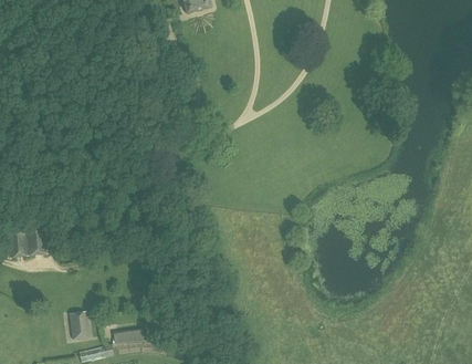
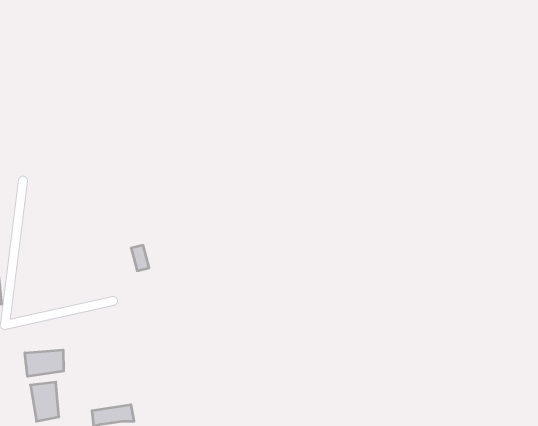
building: none -> [25,350,64,376]

